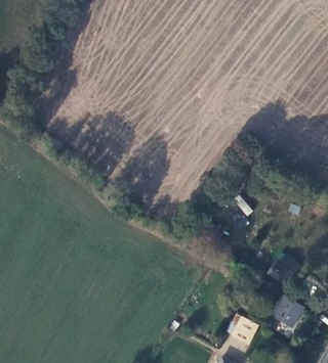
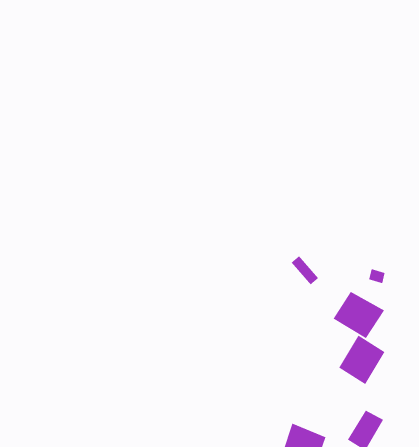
building: none -> [333,291,385,339]

